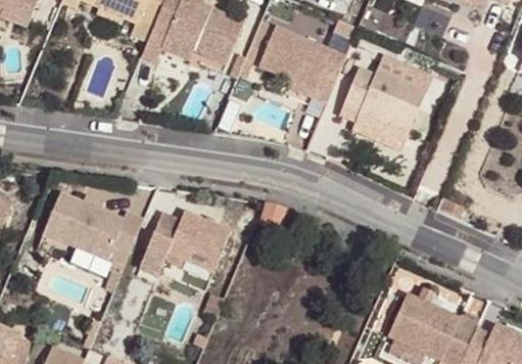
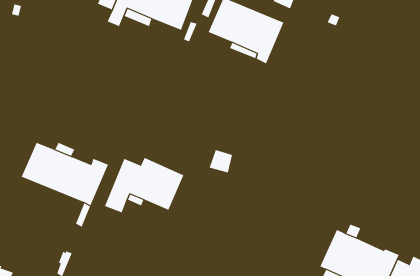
building: [342,69,427,146] -> none

